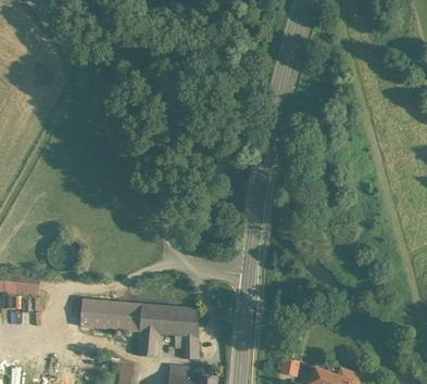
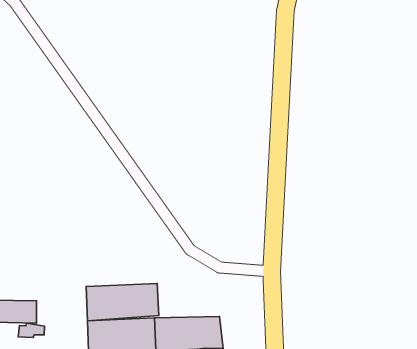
building: none -> [86,284,159,321]

